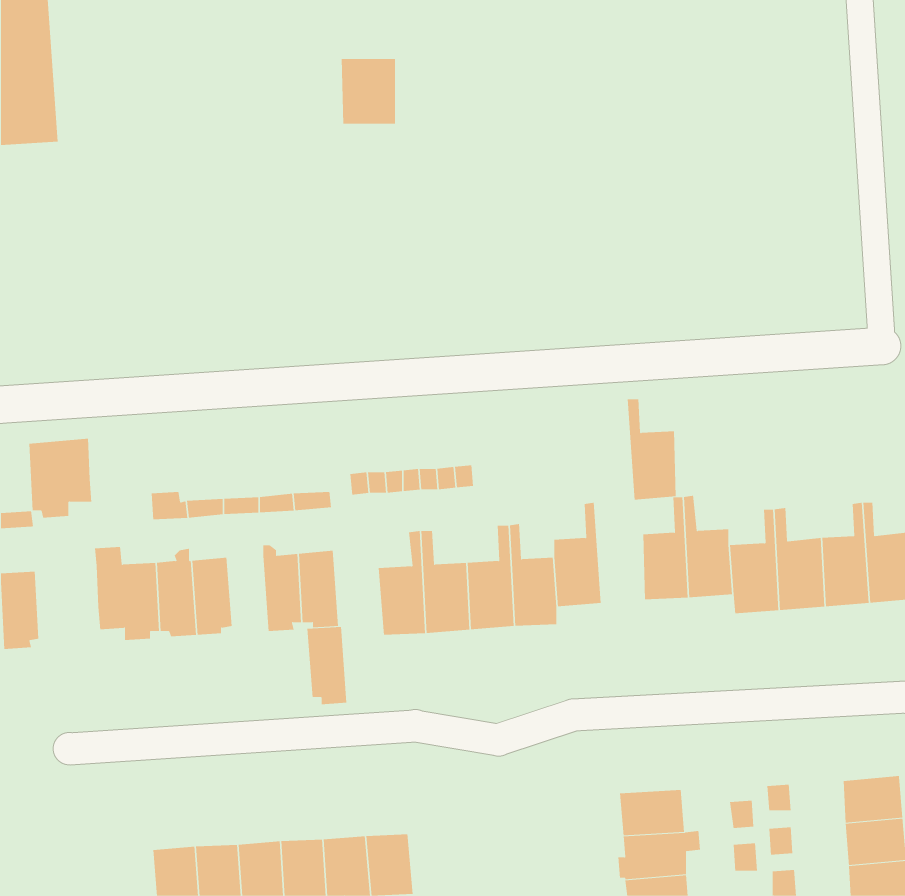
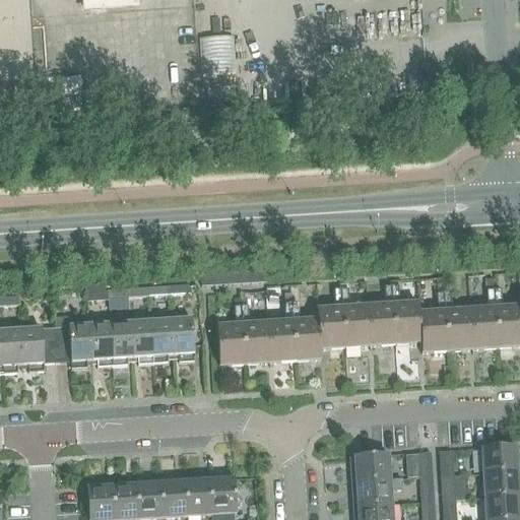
building: [627,399,676,500] -> [341,287,370,345]
building: [28,438,92,518] -> [21,324,58,370]
building: [306,627,347,705] -> [131,318,154,363]

